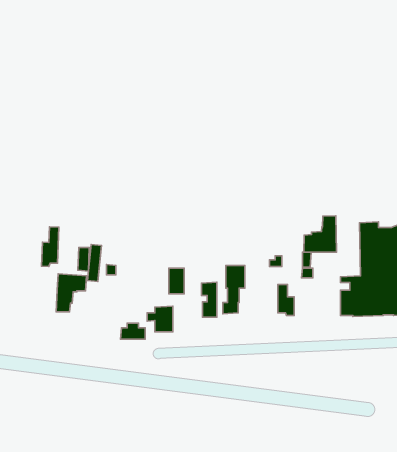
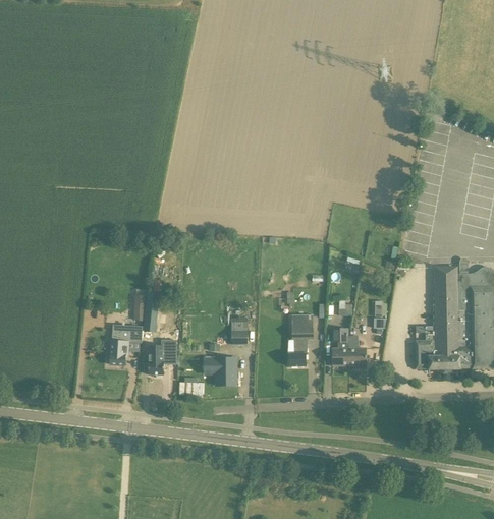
building: [304,216,337,252] -> none
building: [41,227,59,267] -> none
building: [202,282,217,317] -> [331,327,347,364]
building: none -> [147,340,175,377]

